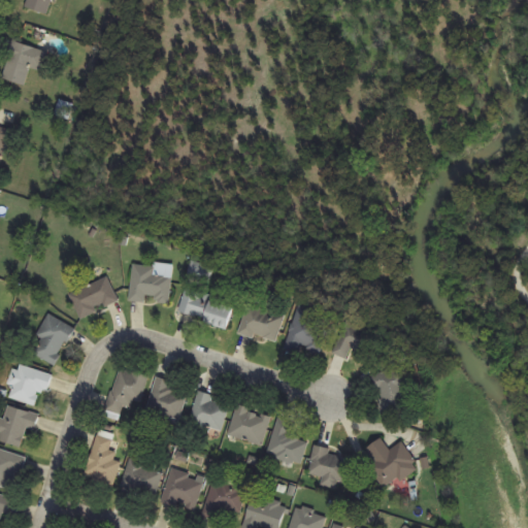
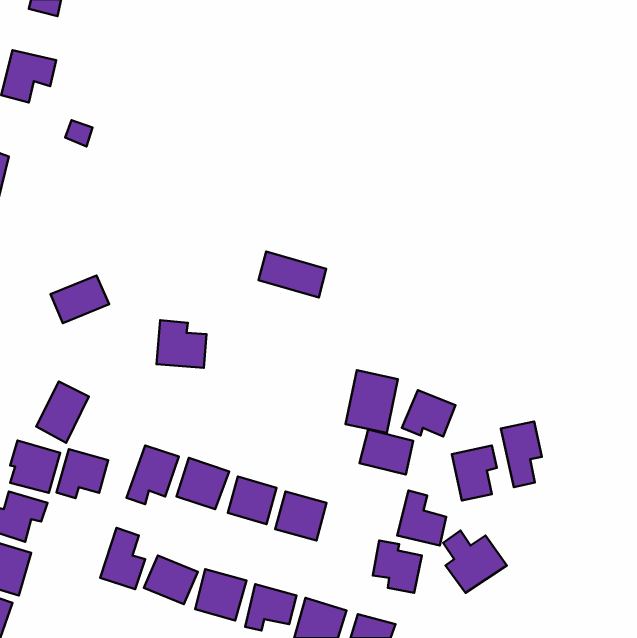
building: [69,277,118,317] -> [50,276,109,323]
building: [176,289,232,327] -> [259,251,326,298]
building: [237,305,282,342] -> [359,430,413,475]
building: none -> [501,422,542,487]
building: none -> [57,449,108,498]
building: [266,419,306,464] -> [397,490,446,545]

